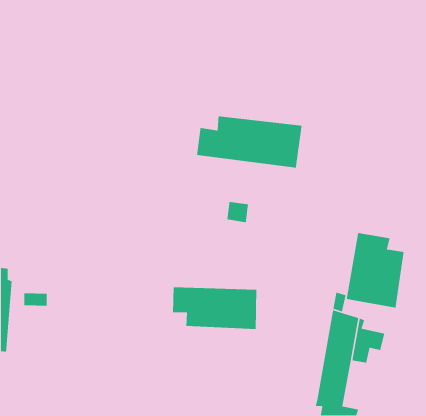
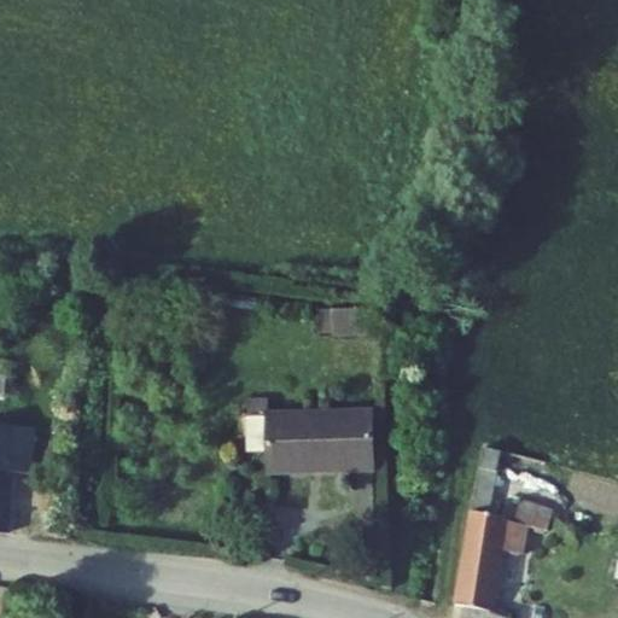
building: [196,116,302,168] -> none
building: [346,232,404,308] -> none

